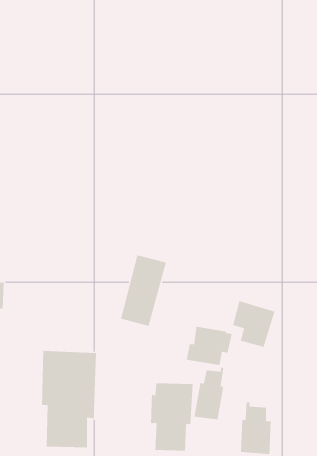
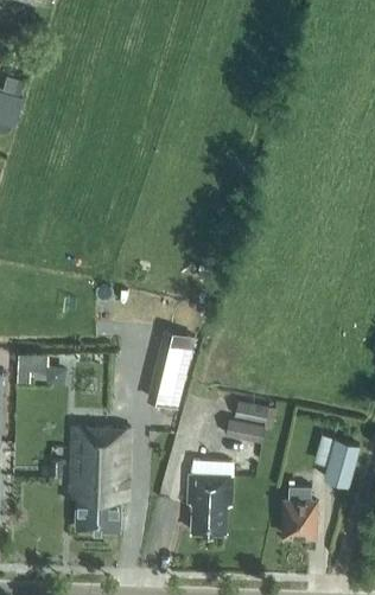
building: [232,300,275,348] -> [313,437,360,488]
building: [193,367,224,420] -> none

